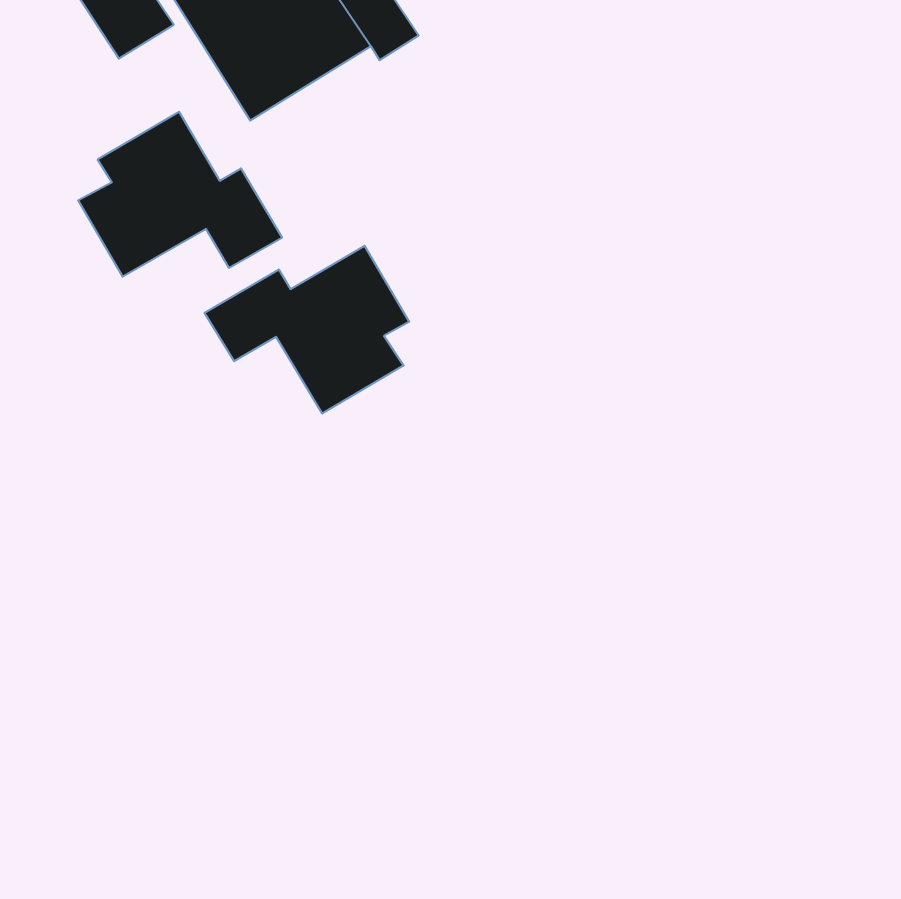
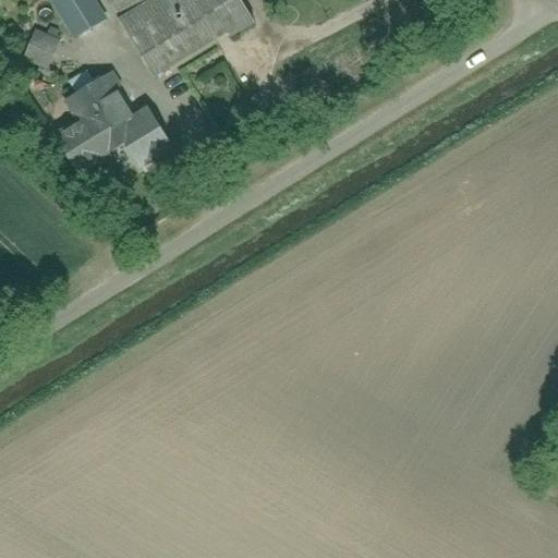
building: none -> [22,26,60,66]
building: [205,246,409,414] -> none

